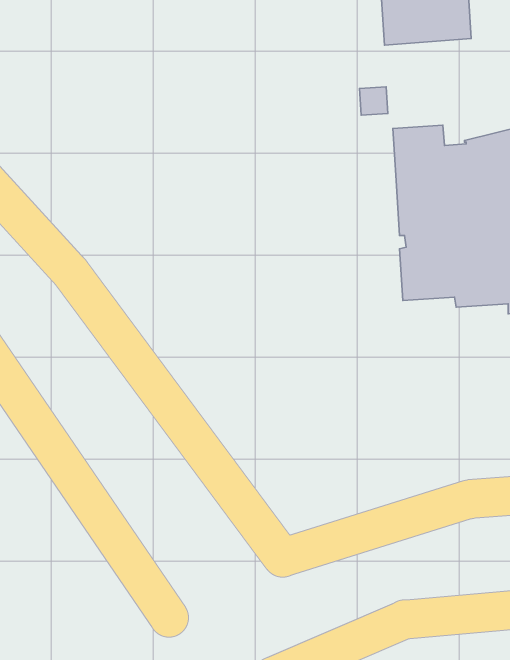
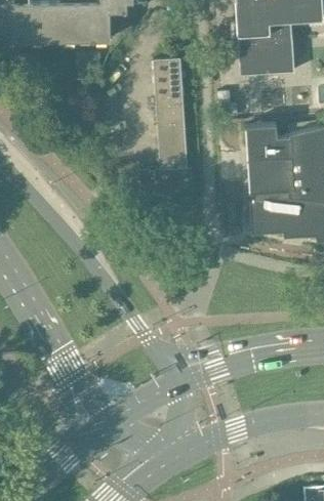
building: none -> [140,58,195,197]

